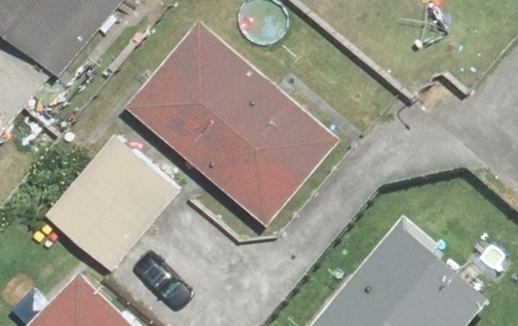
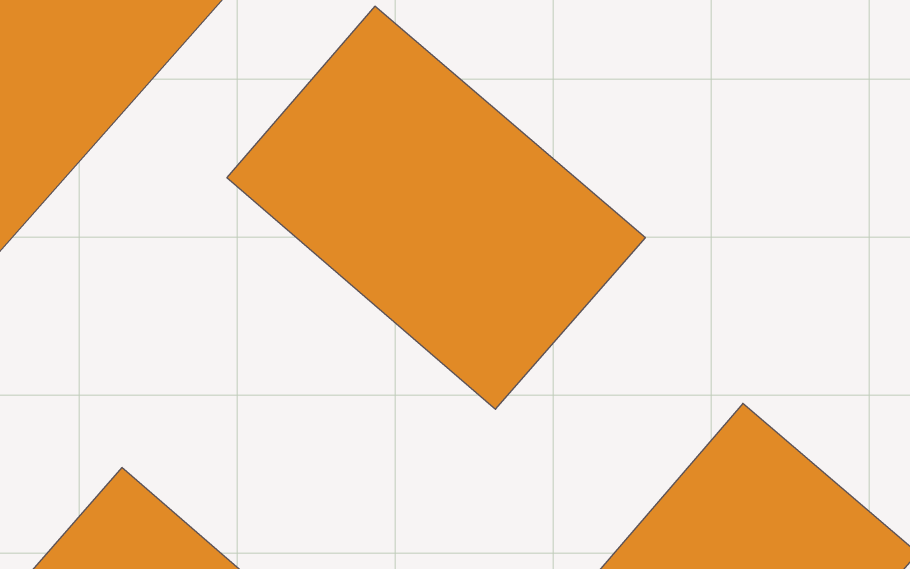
building: [41,131,178,268] -> none

